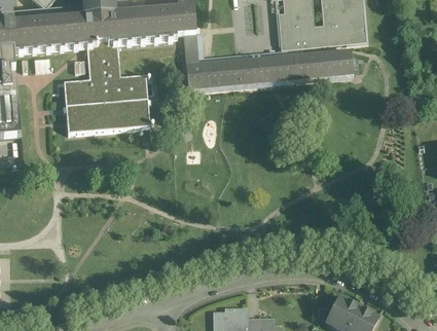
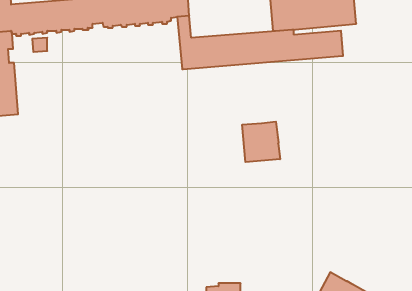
building: [63,41,155,133] -> none
building: none -> [242,122,280,162]

